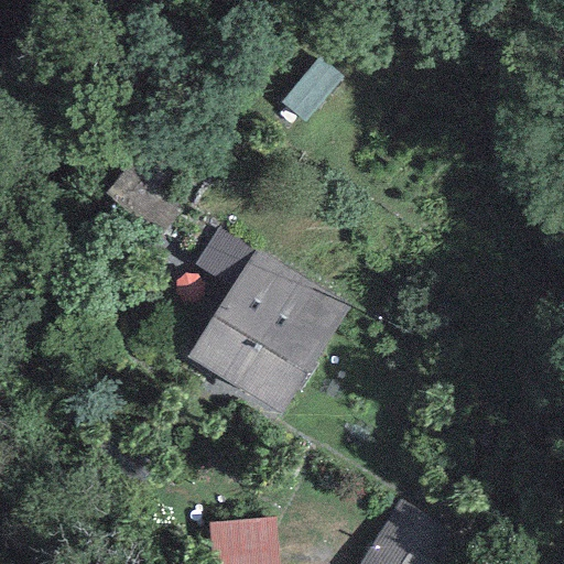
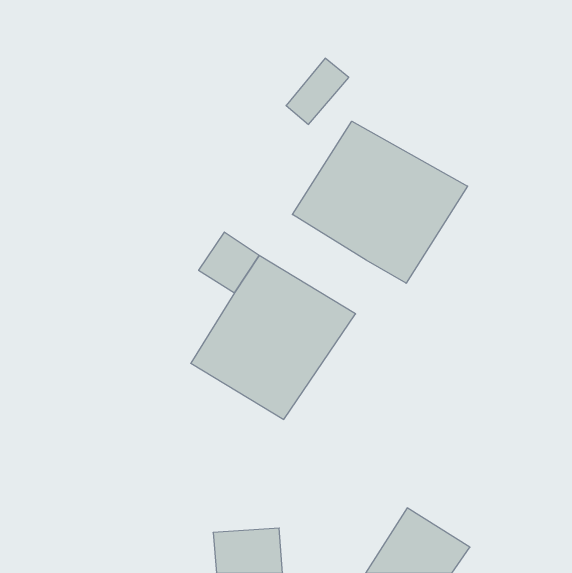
building: none -> [292,121,468,283]

